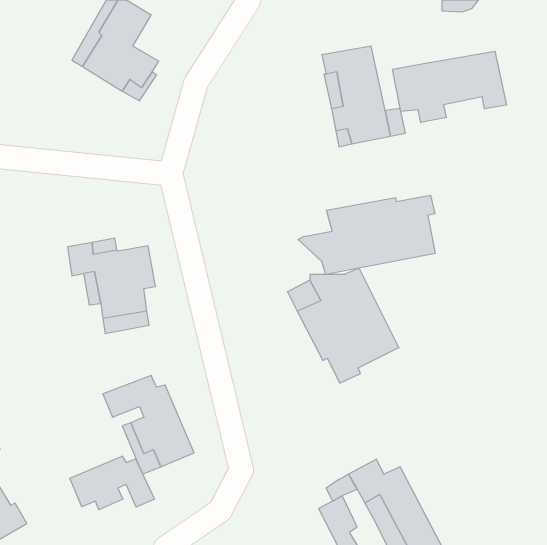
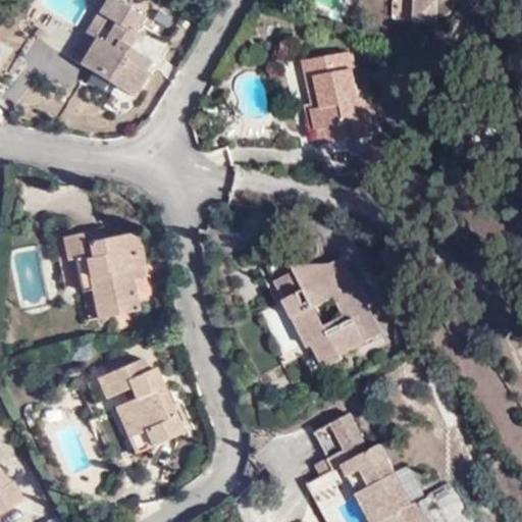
building: [393,51,506,123] -> none
building: [298,195,435,275] -> none
building: none -> [315,419,358,457]
building: [70,456,154,510] -> none

